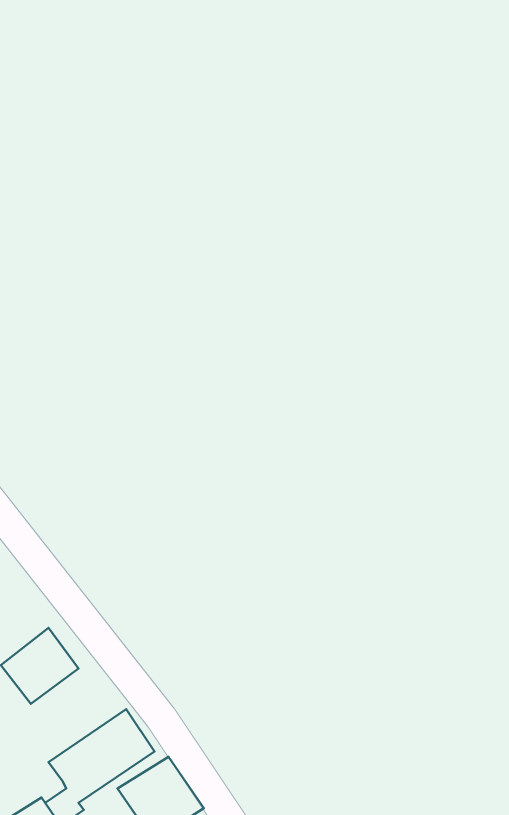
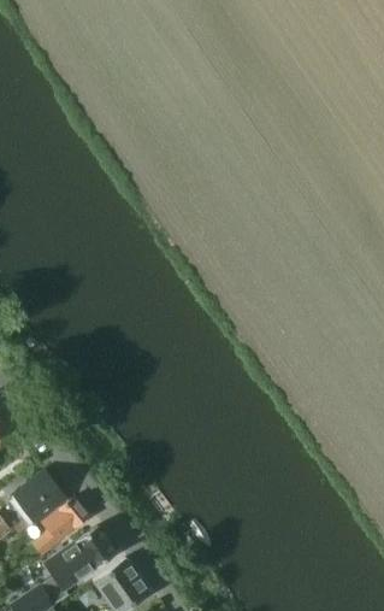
building: none -> [31,498,88,554]

